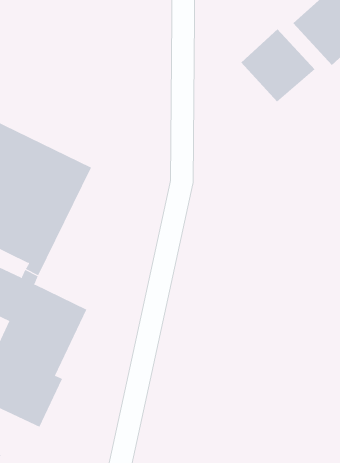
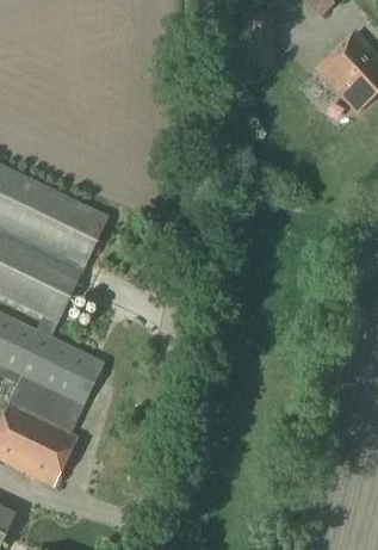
building: [240,29,315,102] -> none

